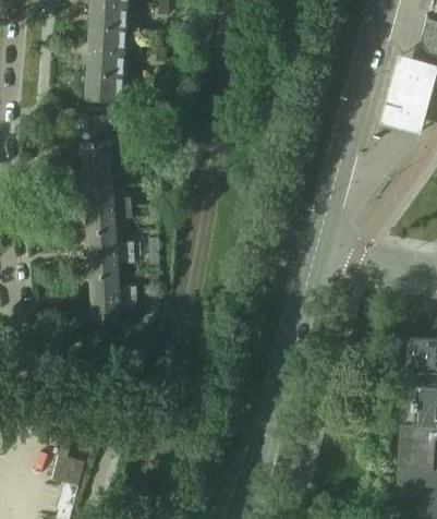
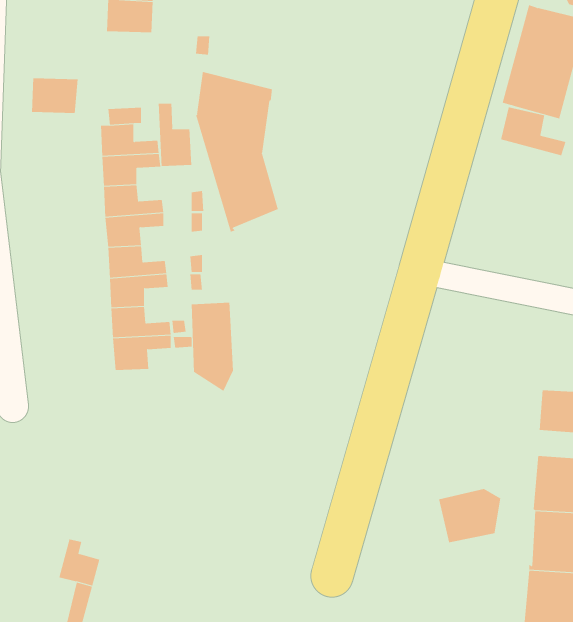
building: [87,74,122,100] -> [31,78,79,113]
building: none -> [195,71,279,233]
building: none -> [158,103,192,167]
building: none -> [500,107,566,156]
building: none -> [191,302,234,392]
building: none -> [439,488,501,543]

